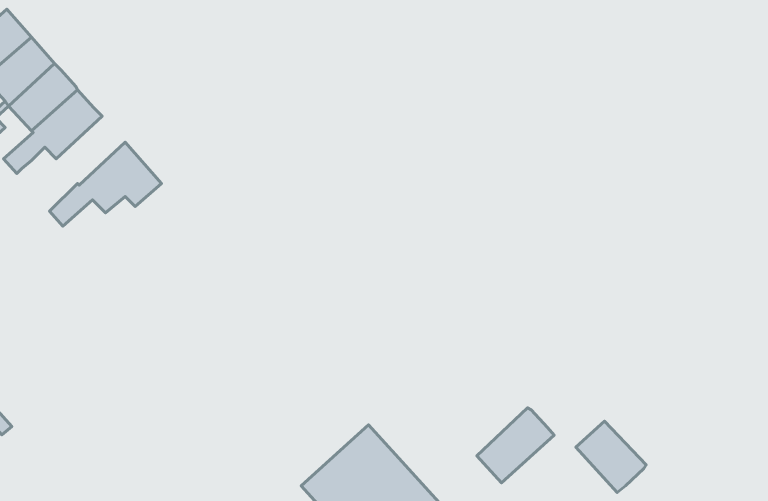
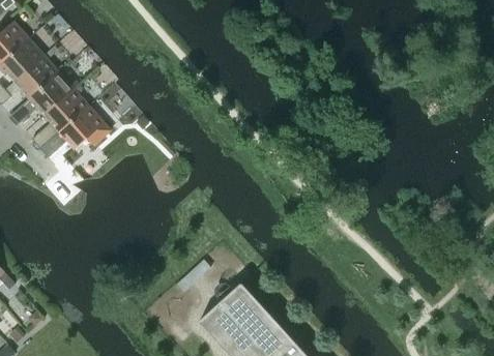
building: none -> [31,88,87,148]
building: [477,408,554,483] -> none
building: [576,421,646,493] -> none

